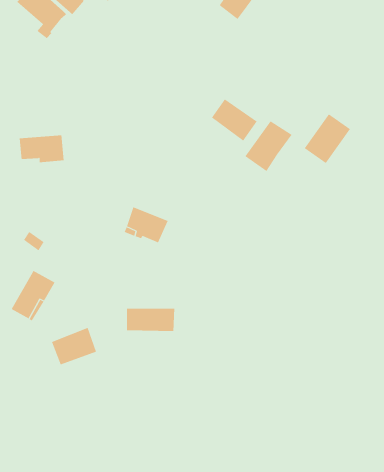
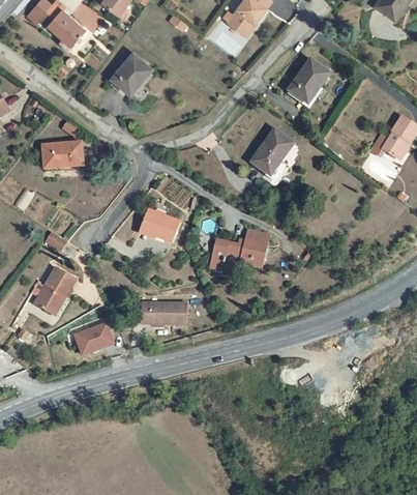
building: none -> [110,52,152,95]
building: [211,99,257,142] -> none
building: [304,114,351,164] -> [287,58,330,105]
building: none -> [208,229,268,270]

